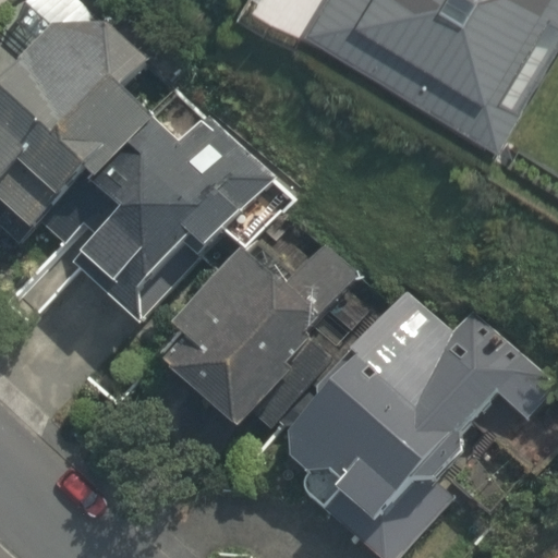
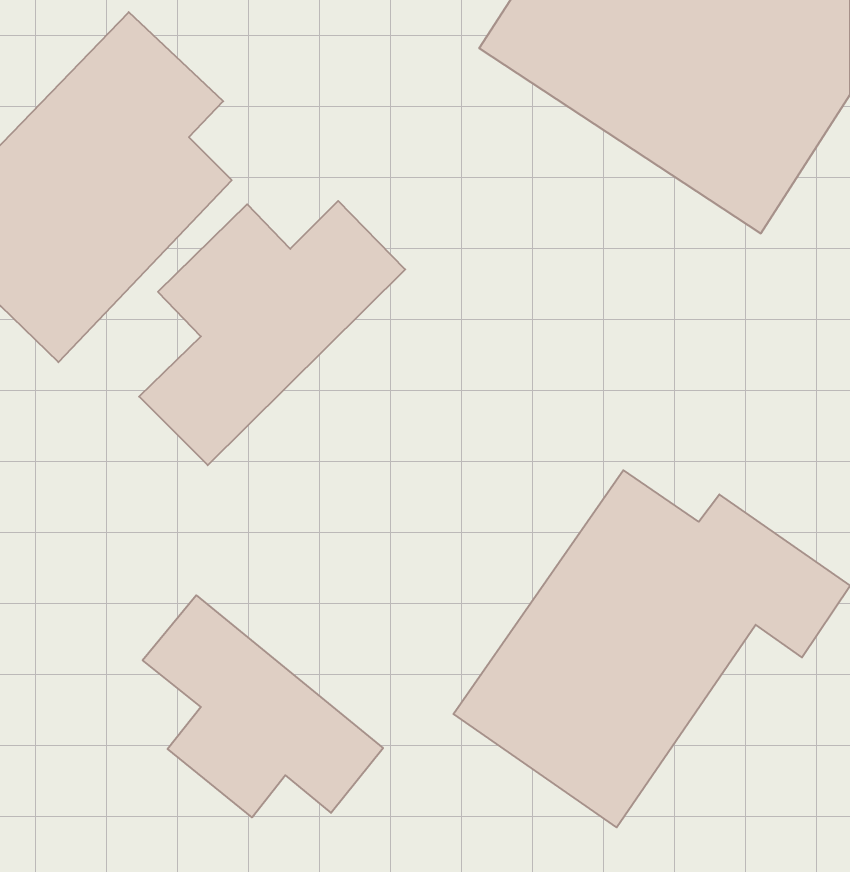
building: [166,254,336,427] -> none
building: none -> [143,595,383,817]

